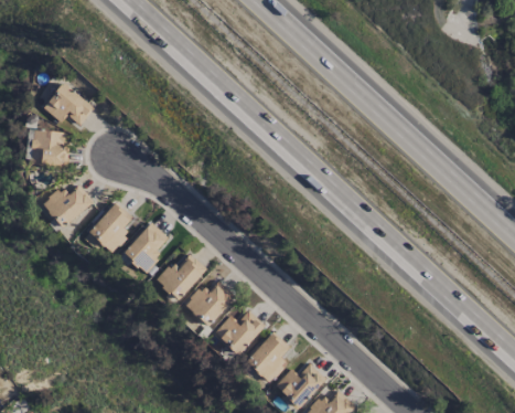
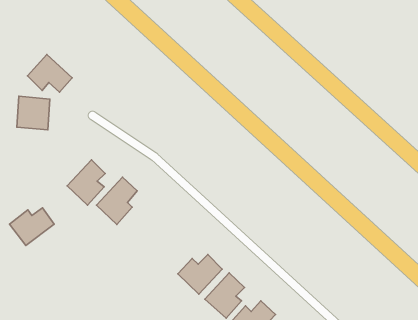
building: [42,184,93,227] -> [9,208,54,245]
building: [155,254,207,301] -> none
building: [184,280,235,327] -> none

